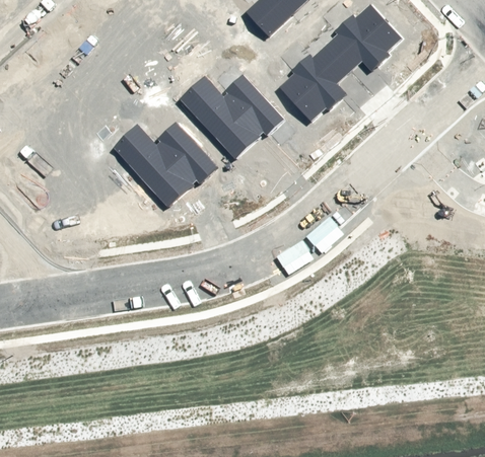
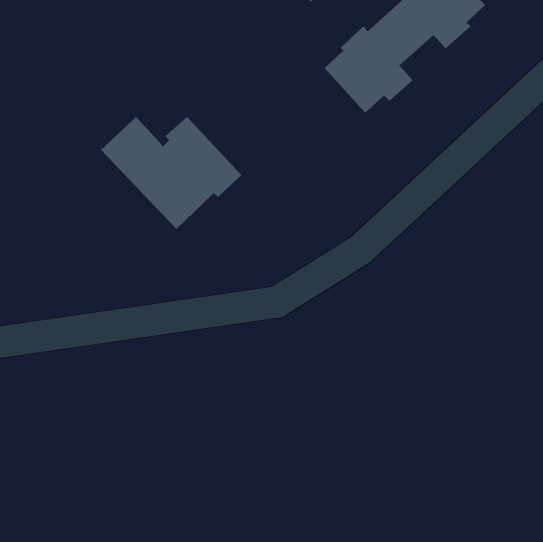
building: [180,73,284,157] -> none

